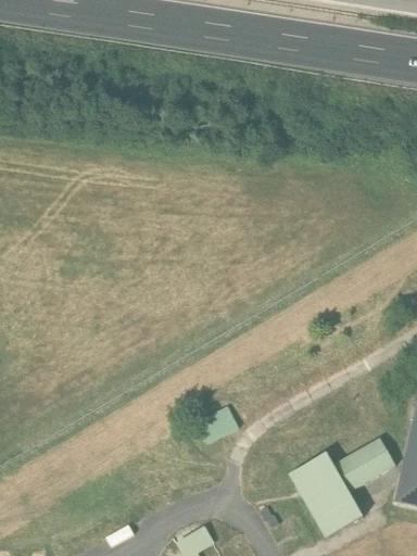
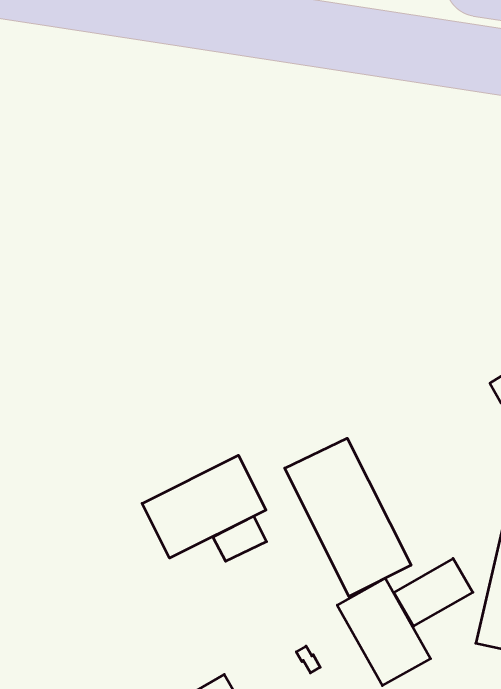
building: none -> [285,438,411,597]
building: none -> [142,455,266,558]

